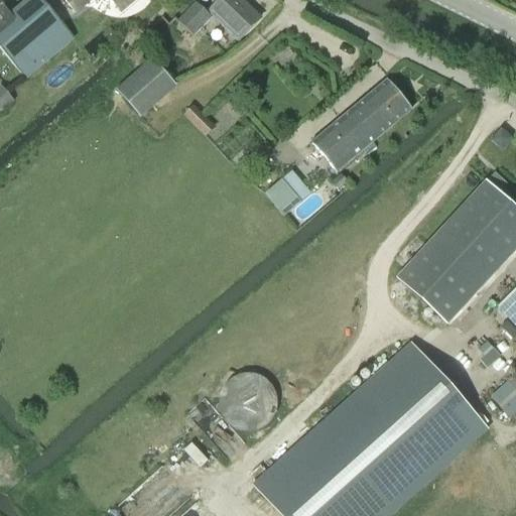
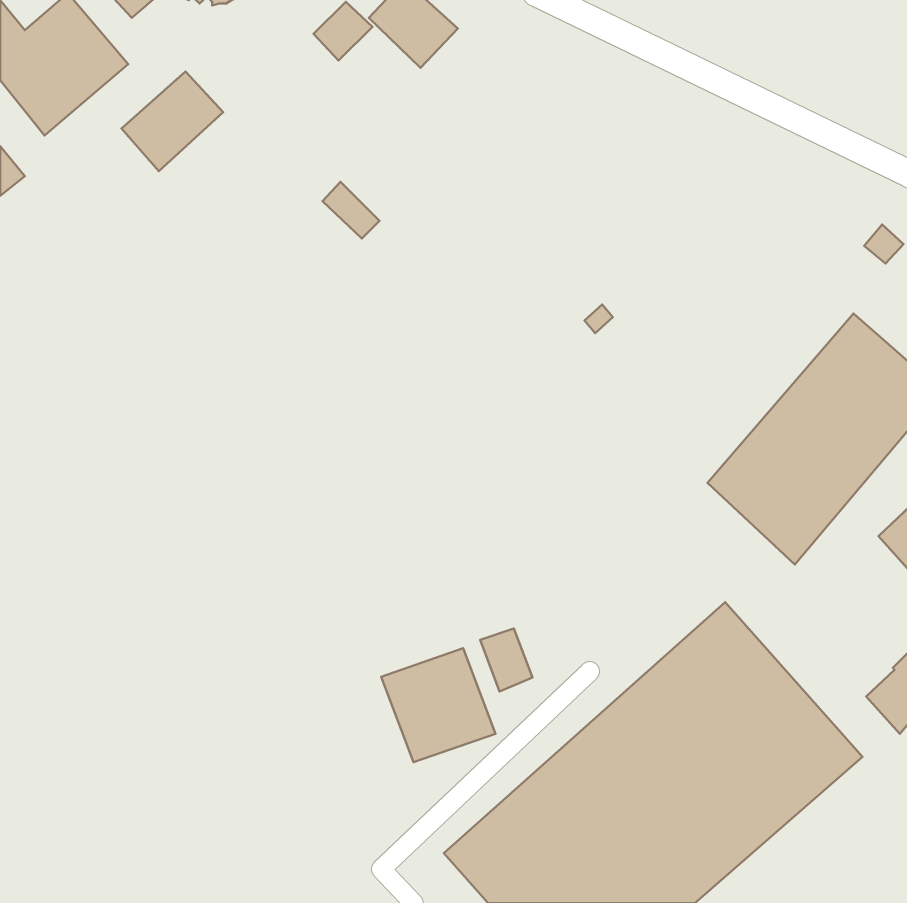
building: [117,56,174,113] -> [121,71,223,171]
building: [312,79,410,170] -> none
building: [266,174,305,214] -> none
building: none -> [480,629,532,691]

